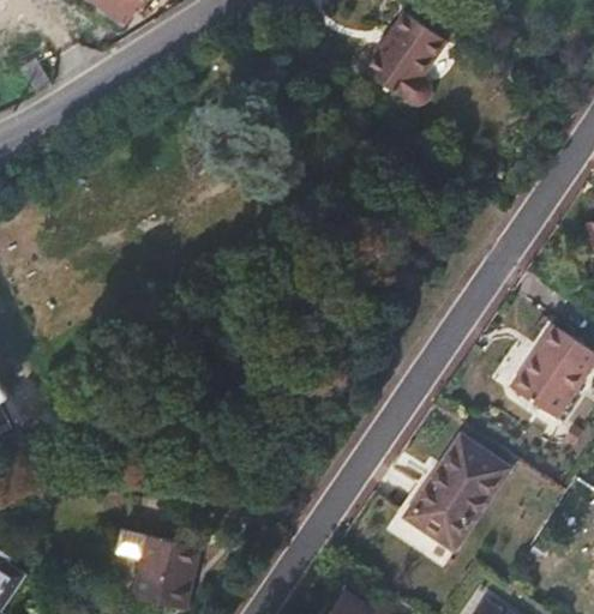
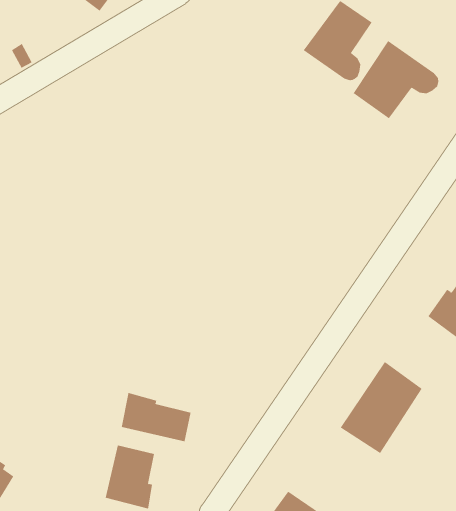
building: none -> [353,40,439,119]
building: none -> [121,392,191,442]

